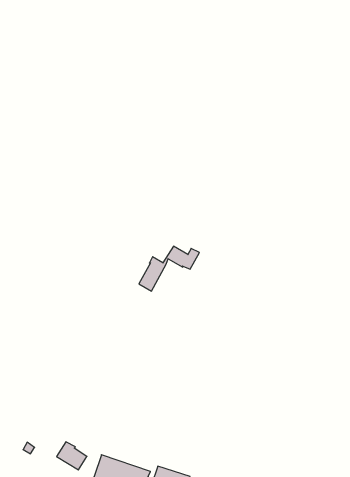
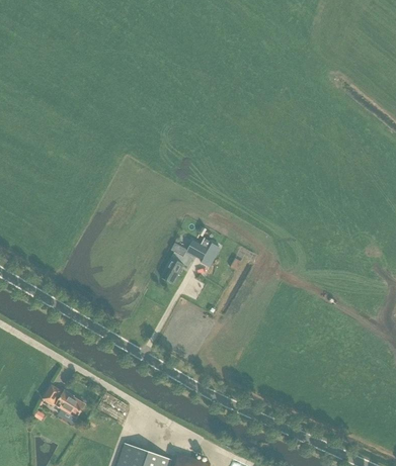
building: [57,442,87,470] -> [55,391,84,418]

